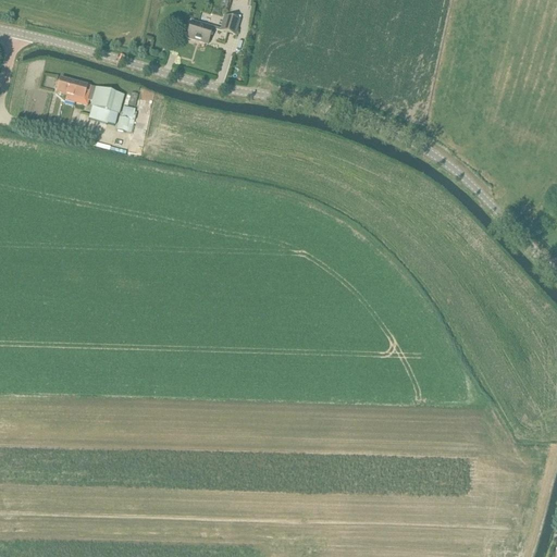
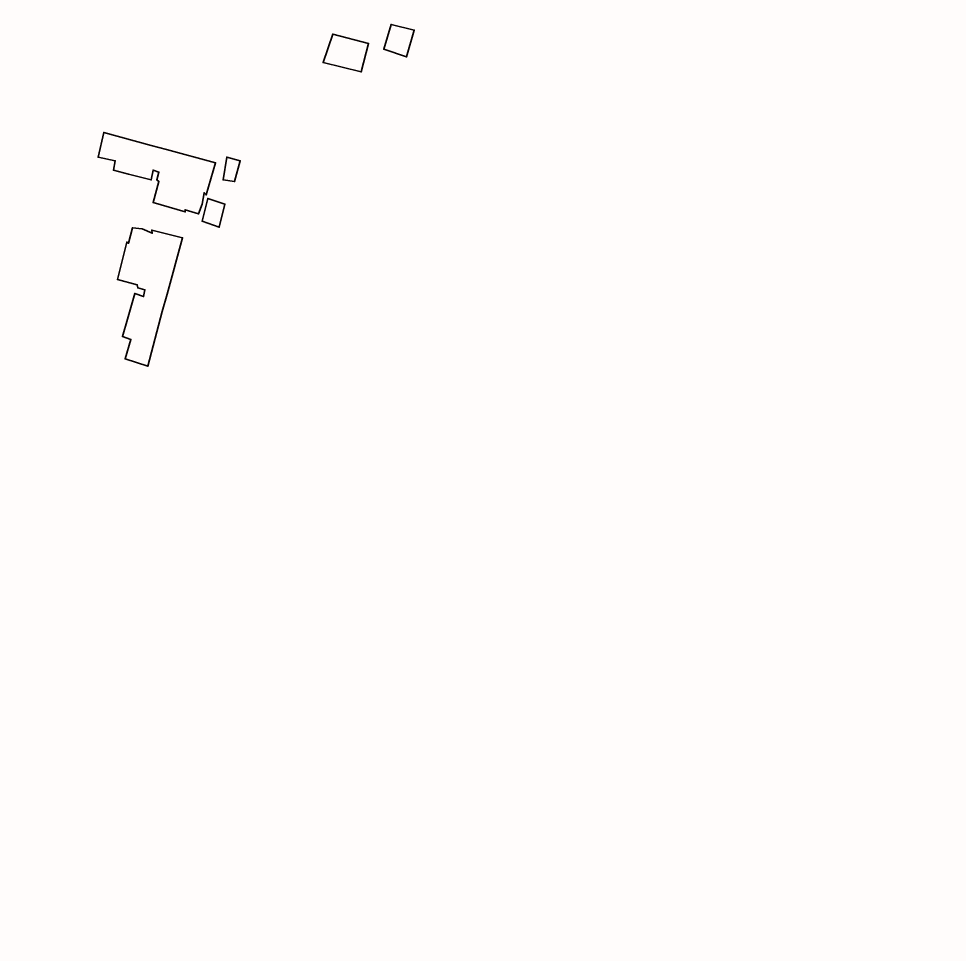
building: none -> [118,228,183,366]

